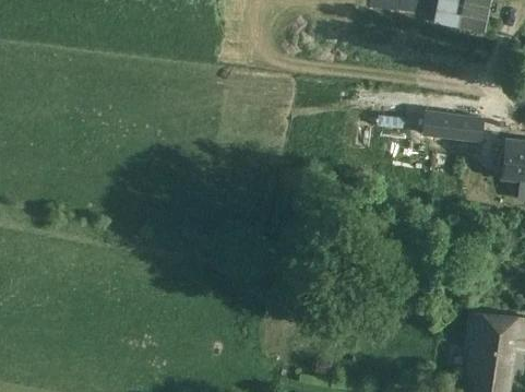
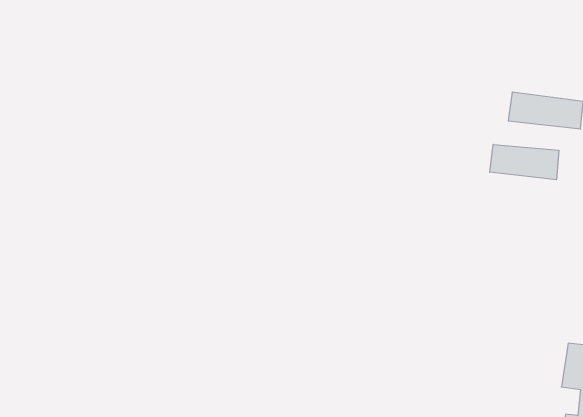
building: none -> [490,144,559,180]

